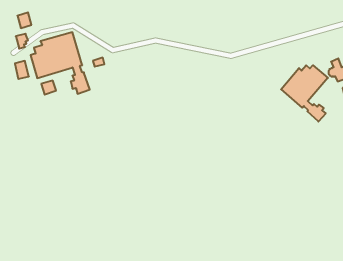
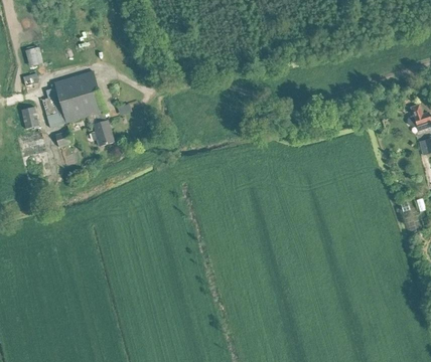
building: [281,65,328,122] -> none

